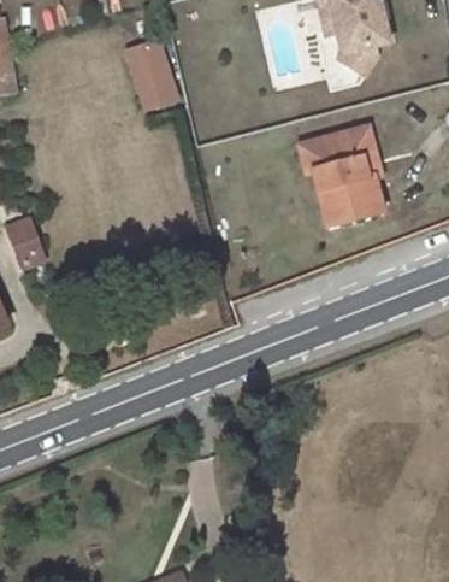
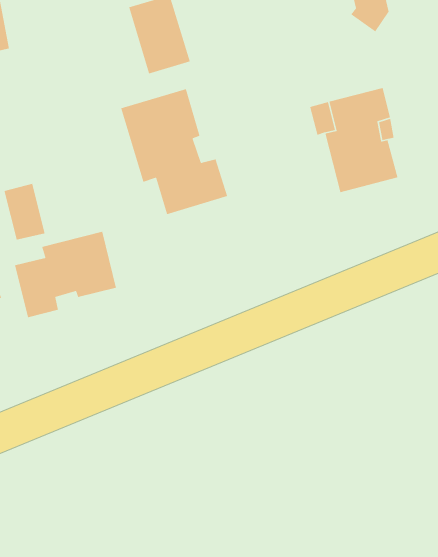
building: none -> [120,88,228,215]
building: none -> [14,231,117,318]

